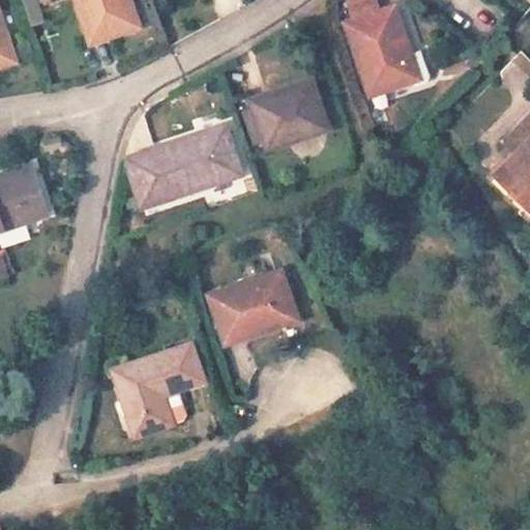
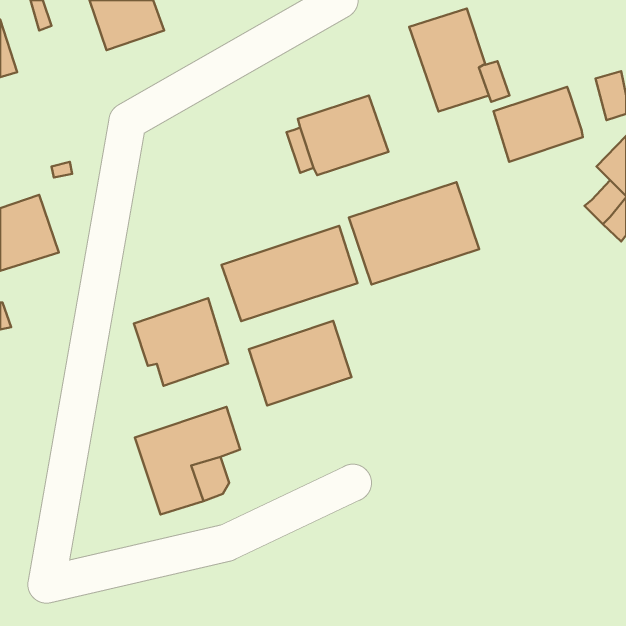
building: none -> [493,87,583,162]
building: [126,125,241,206] -> [221,226,357,321]
building: none -> [349,182,479,285]
building: none -> [134,298,228,386]

